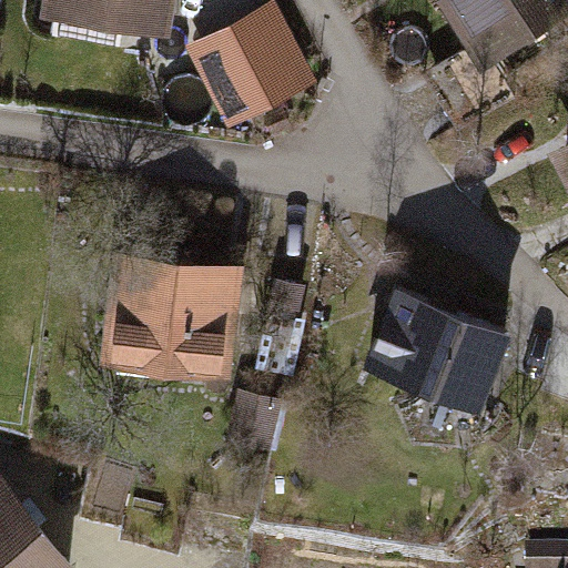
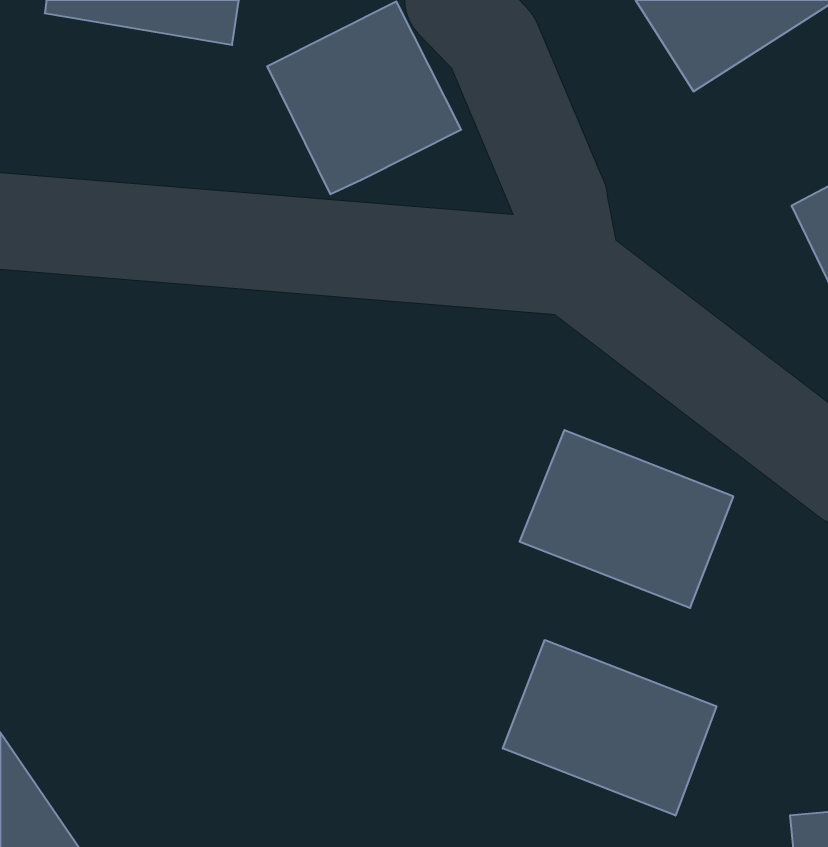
building: [103,253,242,377] -> none
building: none -> [503,640,716,816]

